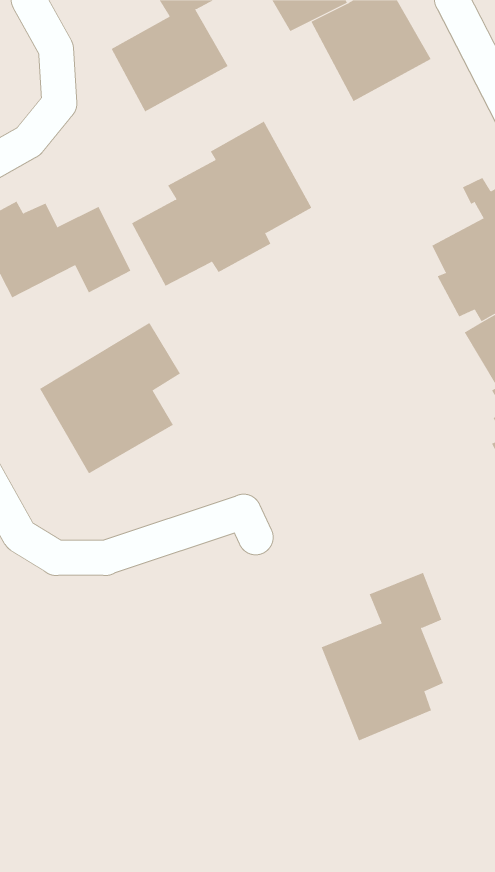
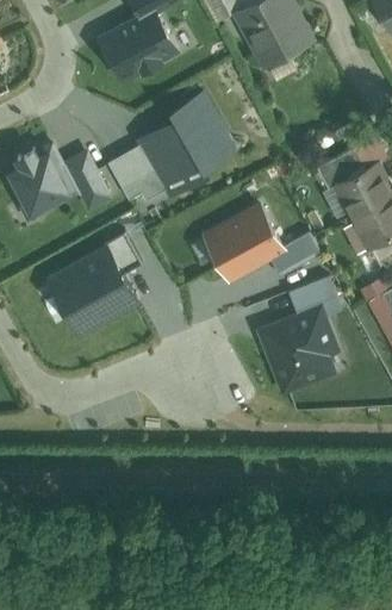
building: none -> [201,199,321,280]
building: [321,572,444,741] -> [257,274,343,392]

